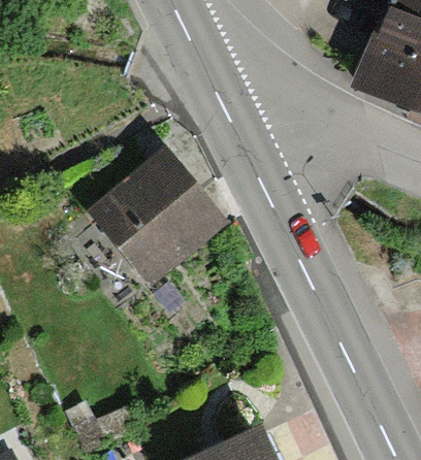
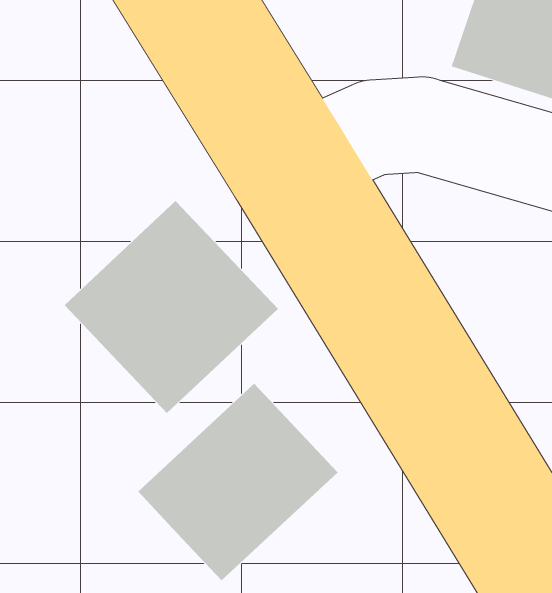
building: none -> [137,383,338,581]

